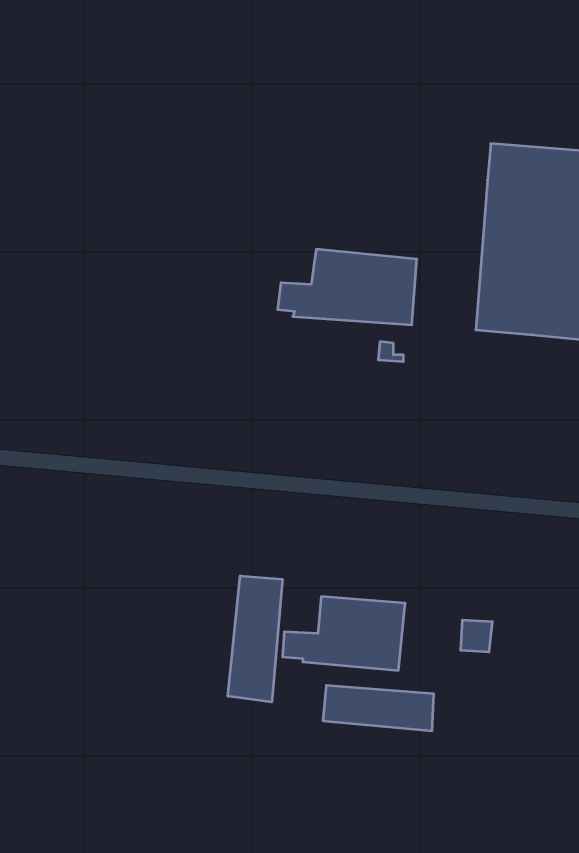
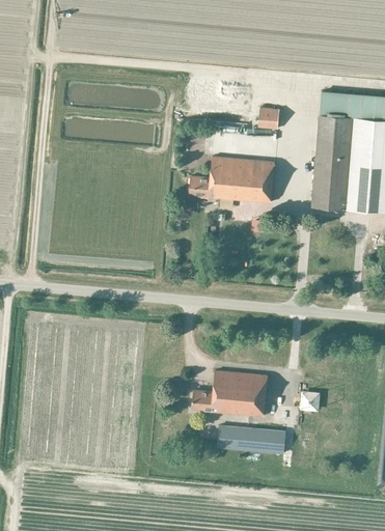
building: none -> [257,107,279,129]
building: [228,576,282,702] -> none

